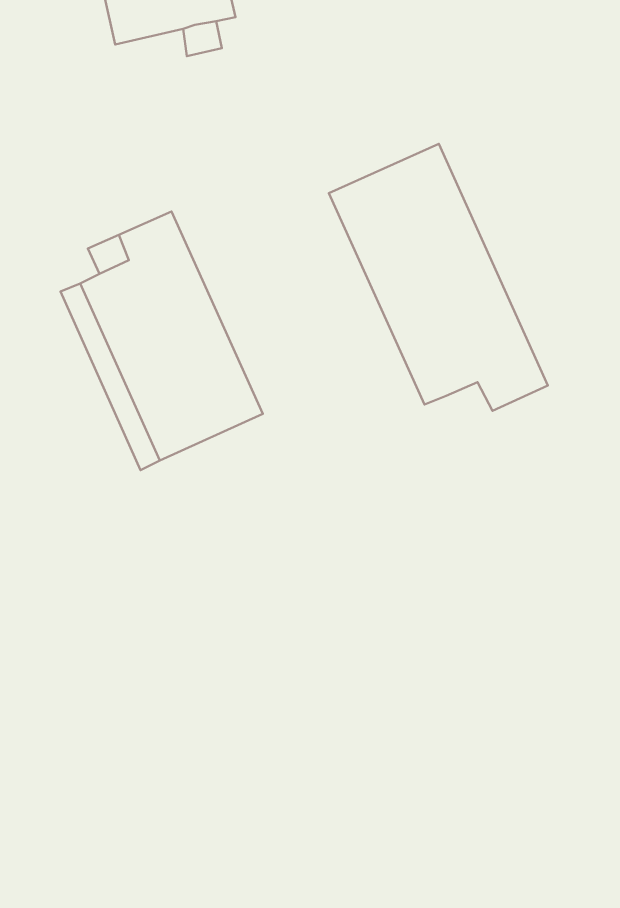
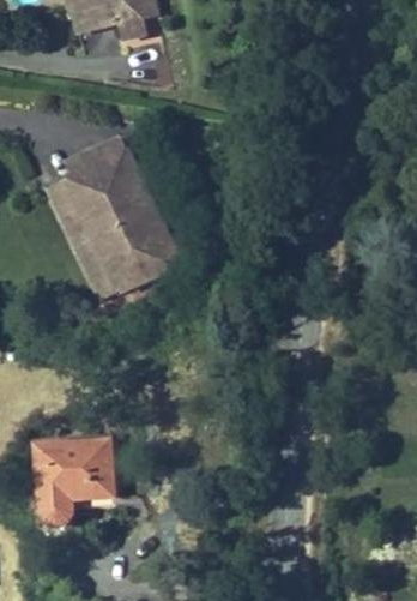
building: [329,144,548,411] -> none
building: none -> [44,439,123,521]

